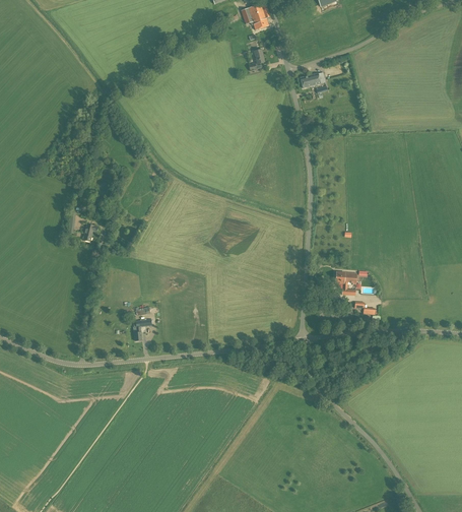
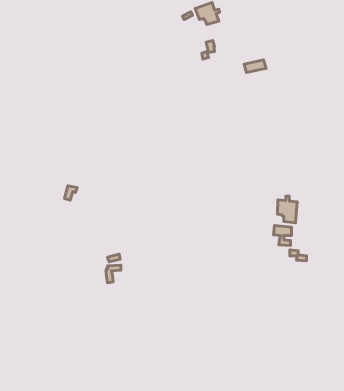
building: none -> [277,196,297,223]

